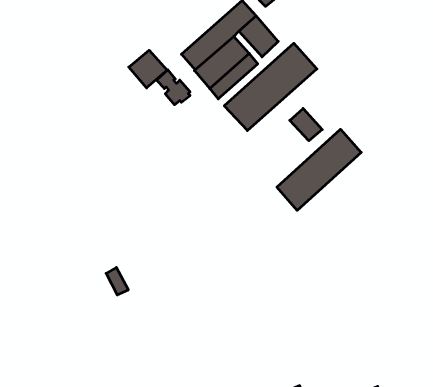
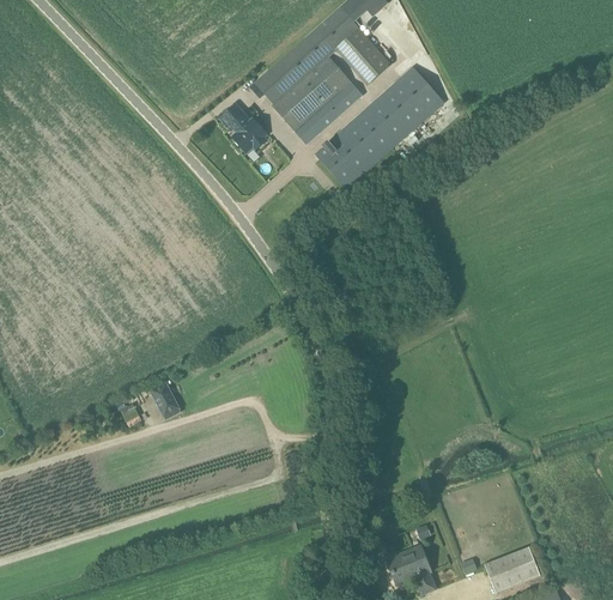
building: [129,50,167,88] -> none
building: [290,108,322,141] -> none
building: [277,129,361,210] -> none

